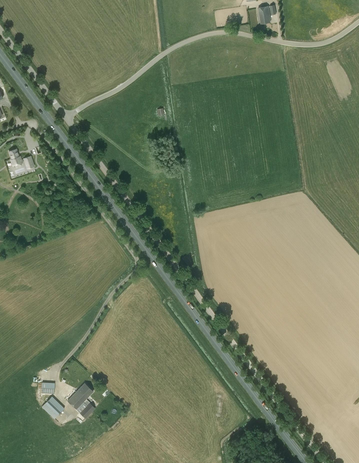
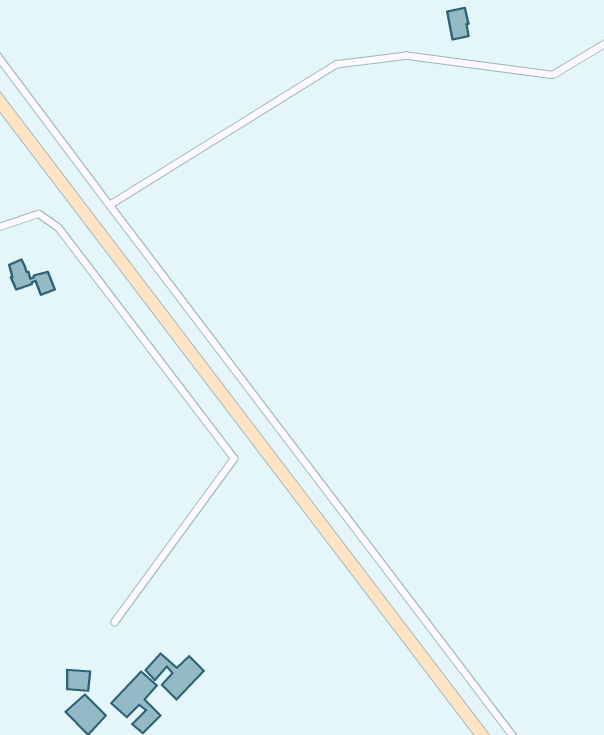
building: none -> [146,653,204,700]

